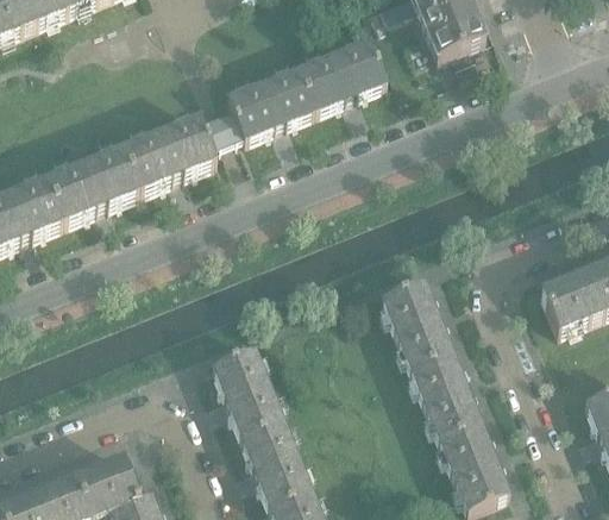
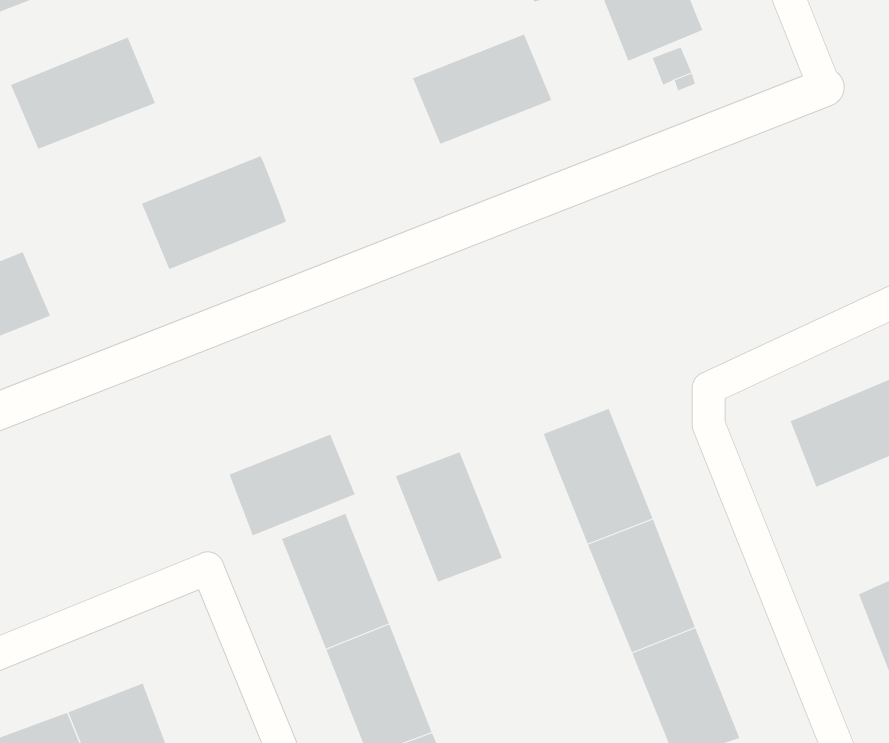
building: [201,64,314,146] -> none
building: [45,145,139,218] -> [10,37,156,149]
building: none -> [229,434,355,536]
building: none -> [395,452,502,583]

